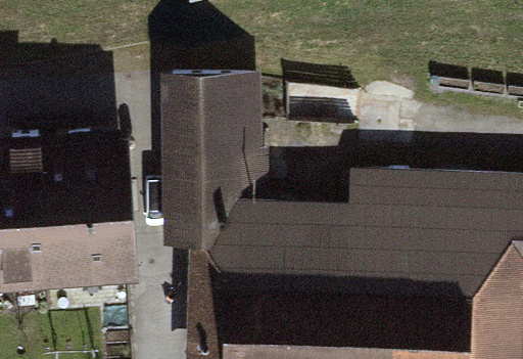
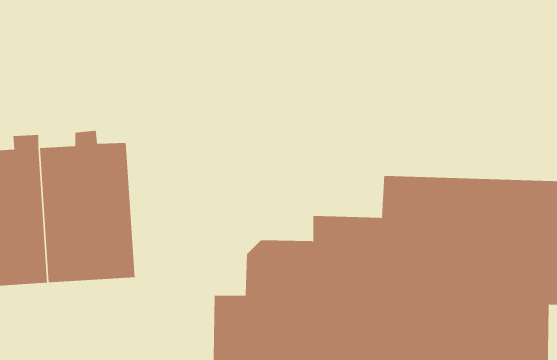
building: [173,86,266,244] -> none

